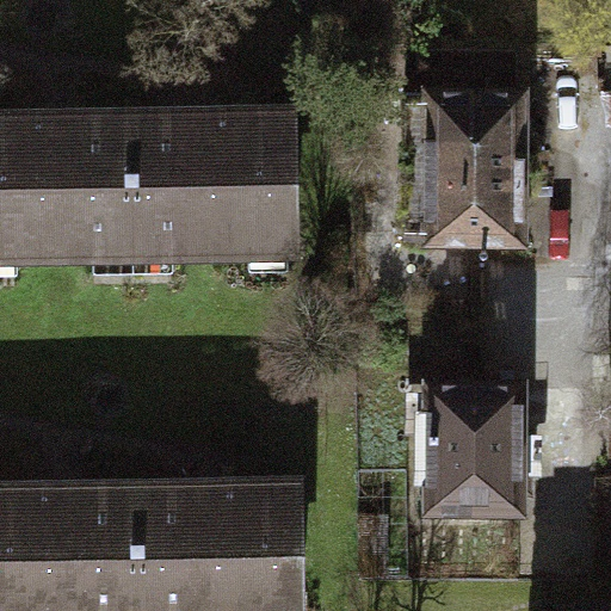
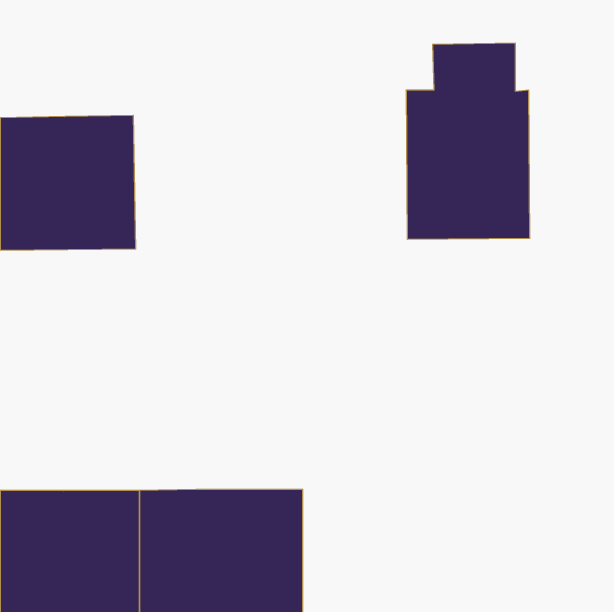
building: [132,115,295,249] -> none
building: [432,385,520,510] -> none

